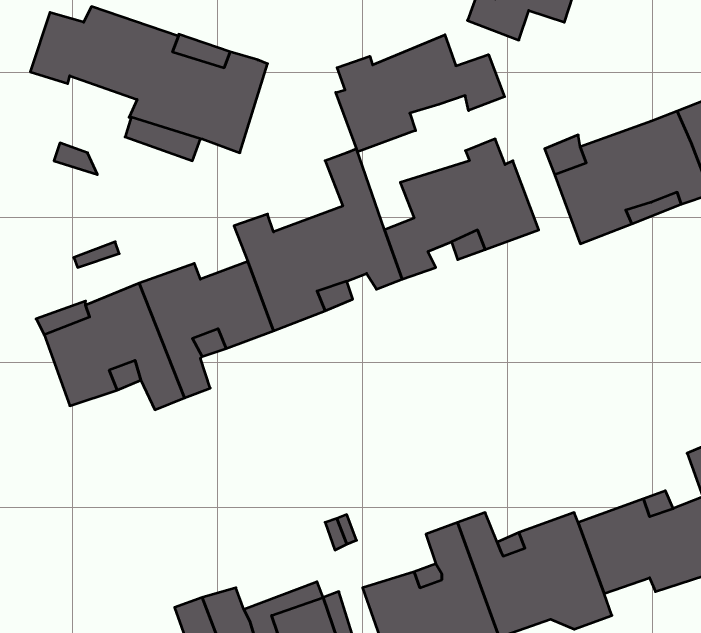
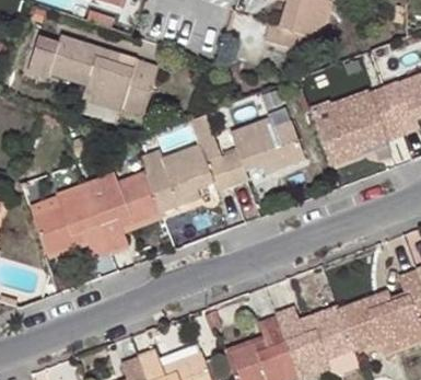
building: [336,35,505,152] -> none

